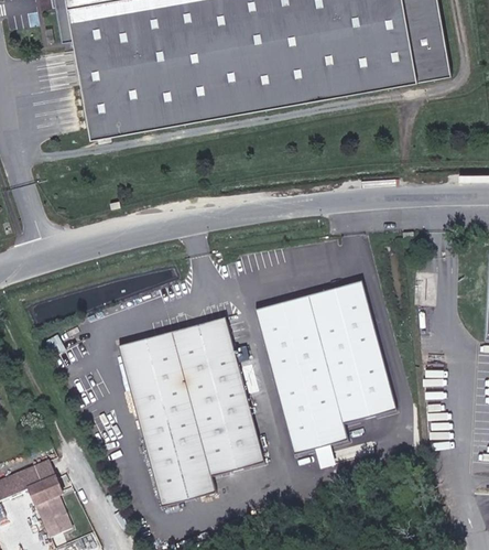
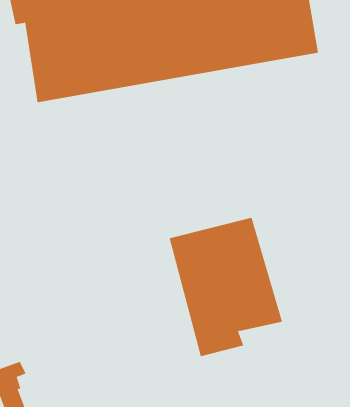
building: [124,321,267,509] -> none

